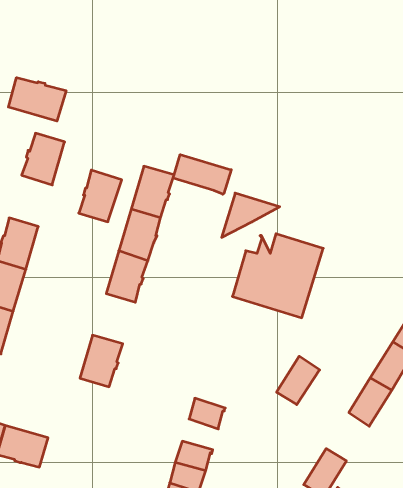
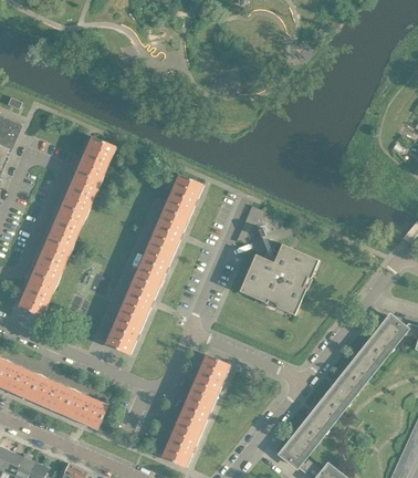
building: [8,78,66,121] -> none
building: [173,155,231,194] -> none
building: [79,170,122,222] -> [62,170,101,215]
building: none -> [119,277,158,320]
building: [277,356,320,405] -> [302,398,339,438]
building: none -> [198,355,229,383]
building: none -> [184,388,215,416]
building: none -> [63,391,107,428]

